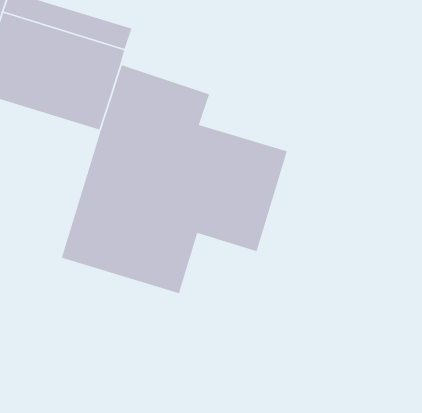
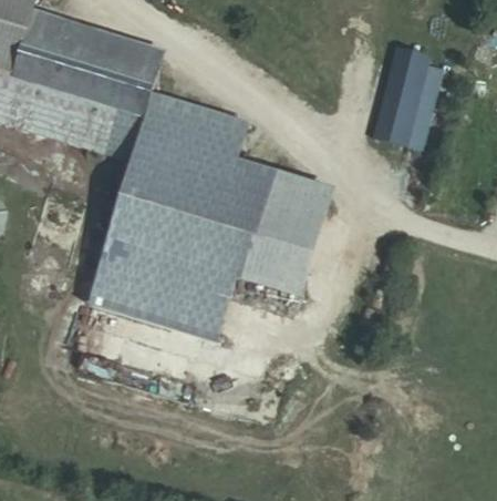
building: none -> [372,48,443,151]

